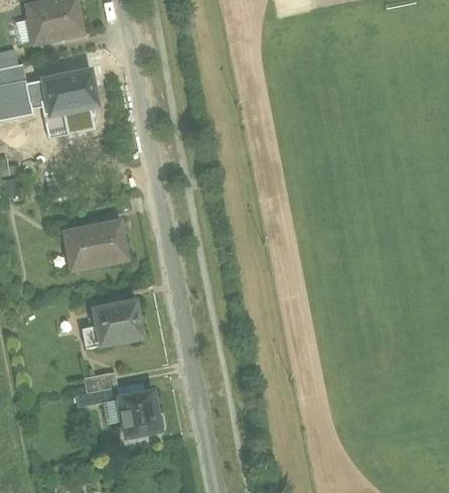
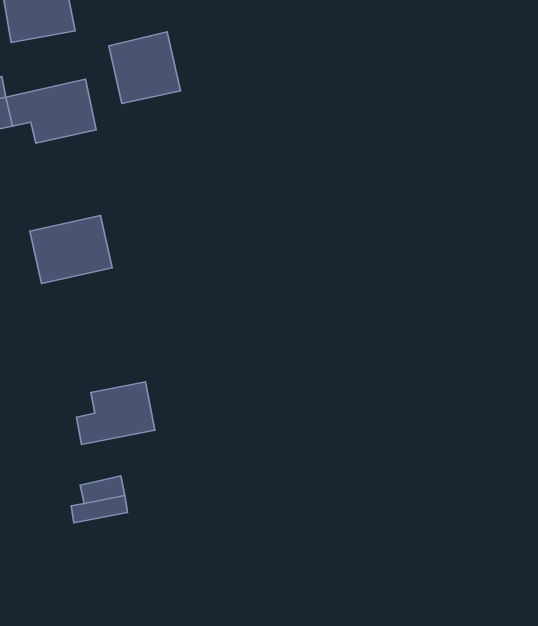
building: none -> [109,32,180,104]
building: [62,219,126,271] -> [30,216,112,284]
building: [119,389,160,434] -> none

